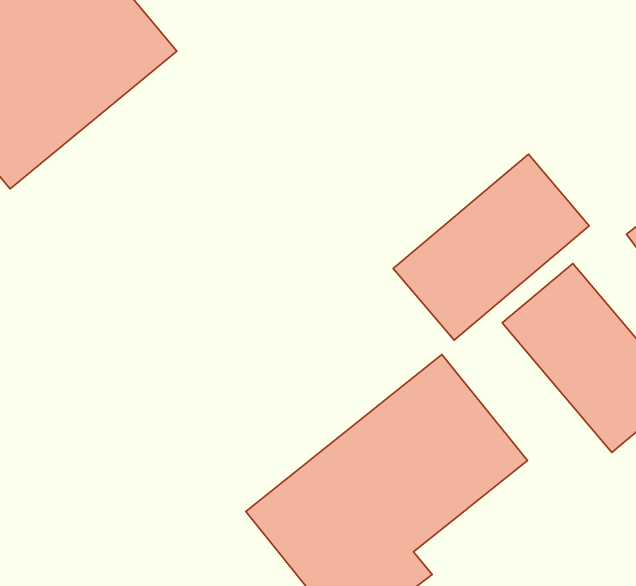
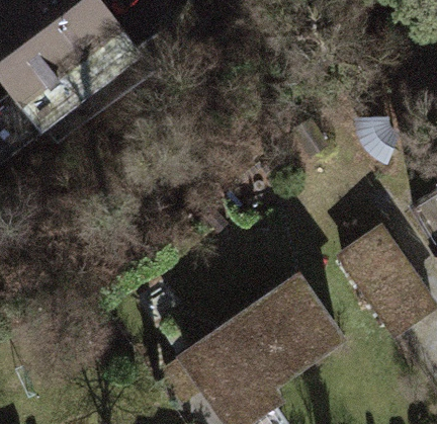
building: [393,154,589,340] -> none

